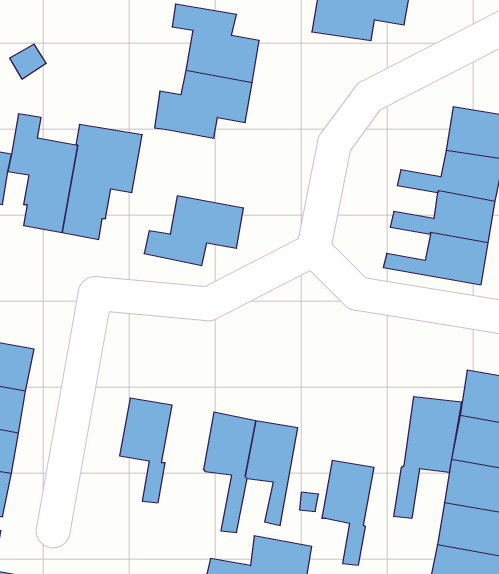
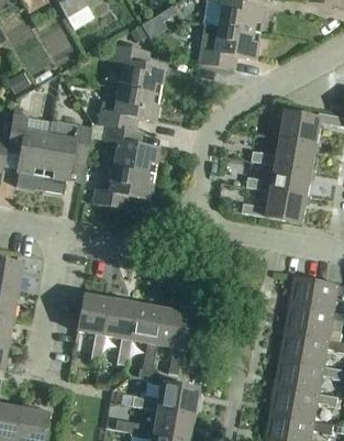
building: none -> [103,124,158,174]
building: [394,396,461,518] -> none
building: [322,460,374,565] -> [102,298,135,364]

